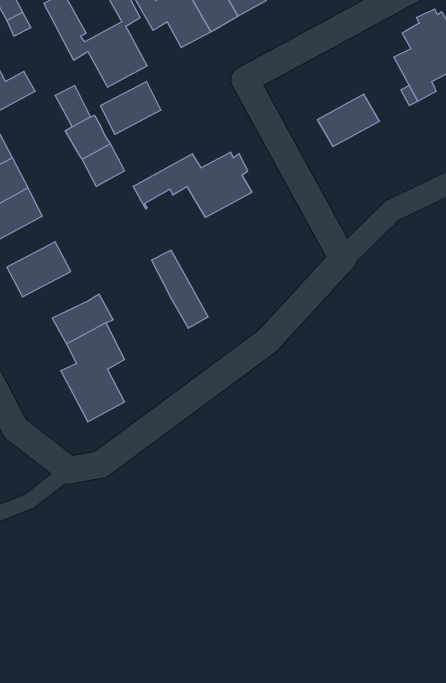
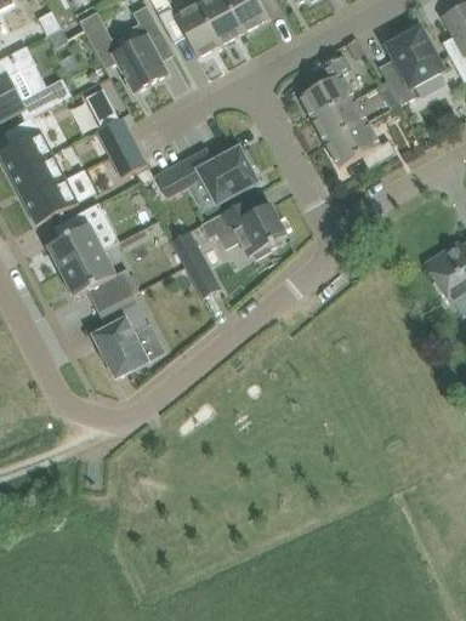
building: none -> [300,55,353,119]
building: [101,81,161,134] -> none
building: none -> [326,120,396,166]
building: none -> [200,198,286,257]
building: none -> [61,249,117,296]

